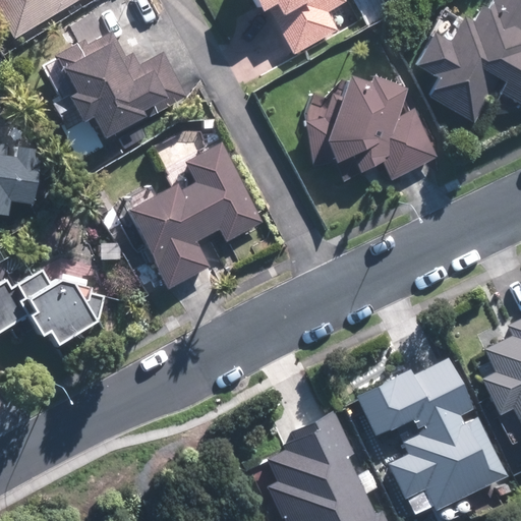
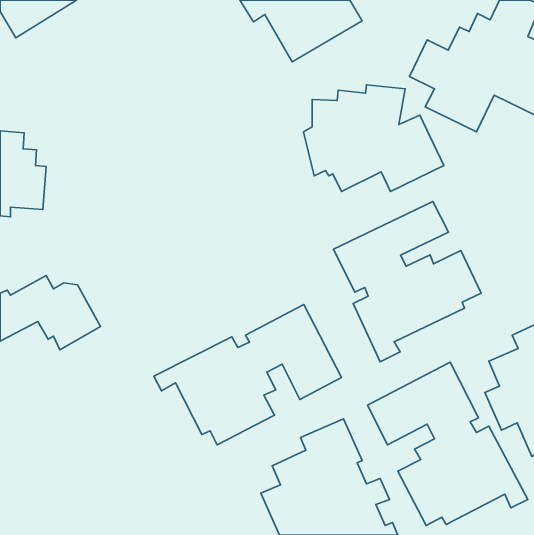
building: [54,9,189,137] -> none
building: [130,140,265,282] -> none
building: none -> [333,202,481,362]
building: none -> [154,305,341,445]

